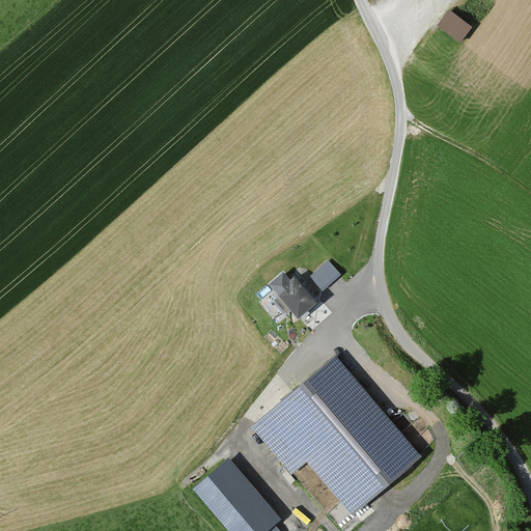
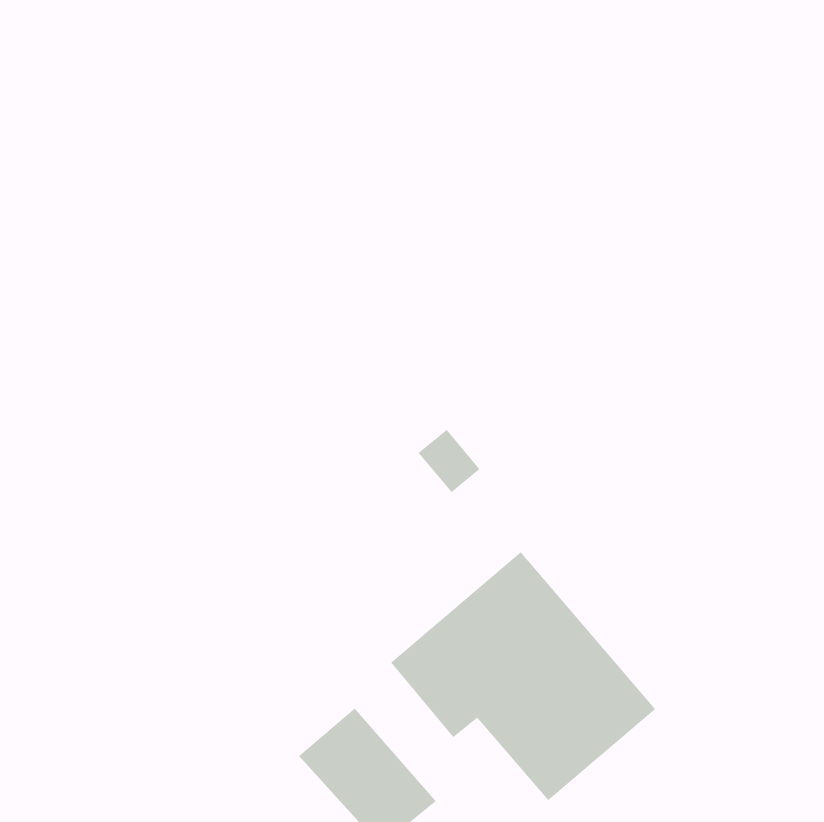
building: [440,13,472,45] -> none
building: [307,262,336,291] -> none

